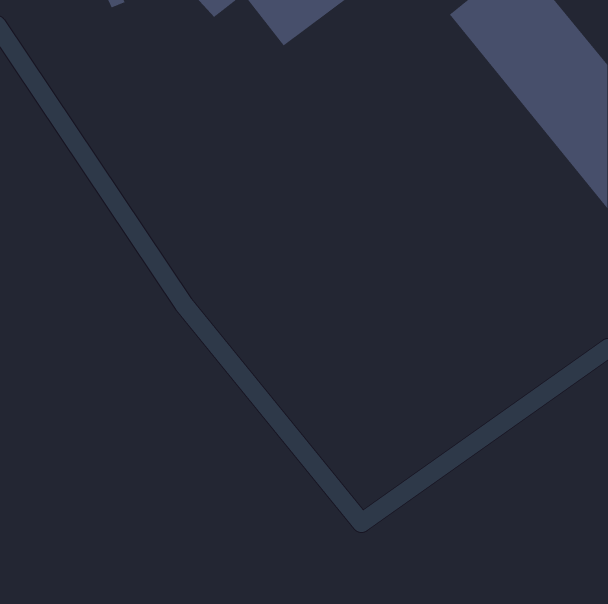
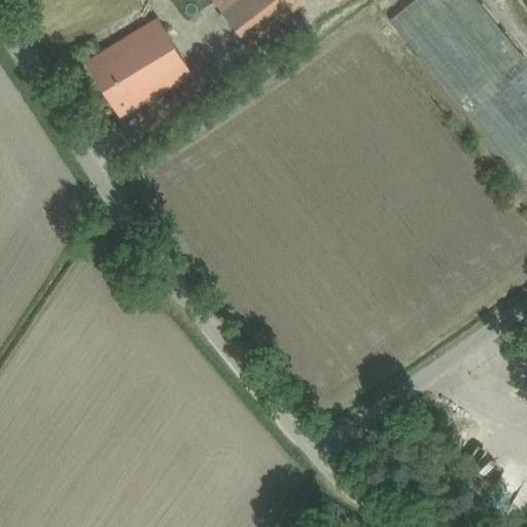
building: none -> [84,9,191,110]

